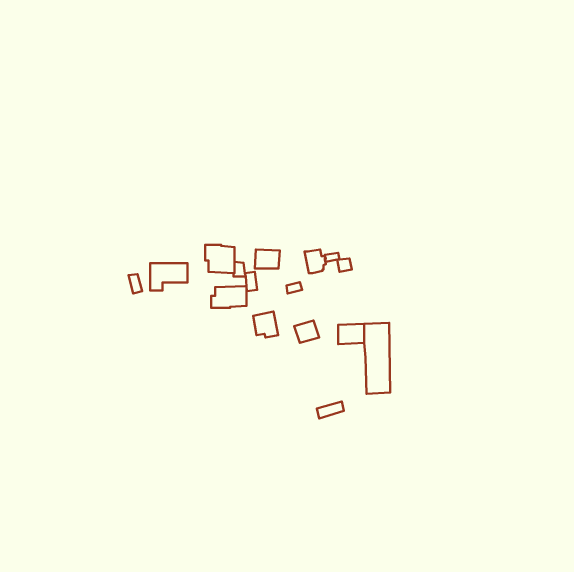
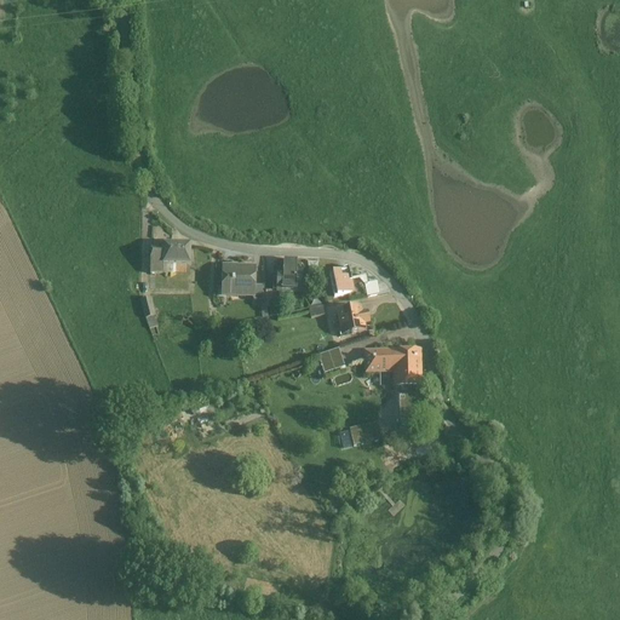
building: [150,263,187,290] -> [148,241,188,270]
building: [211,286,247,308] -> none
building: [253,311,278,337] -> [335,303,362,331]

